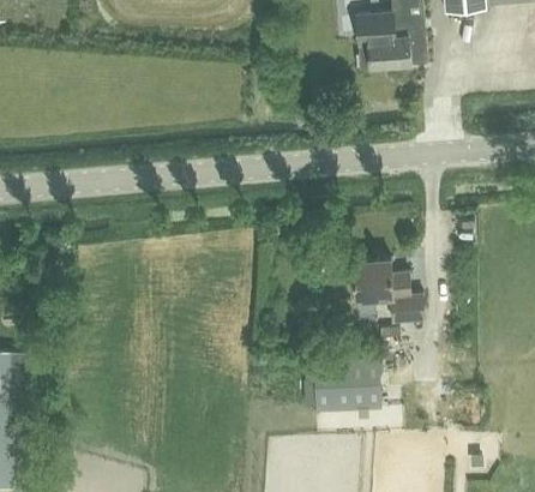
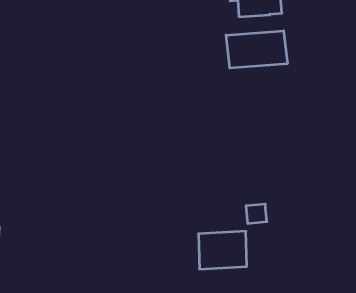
building: none -> [226,31,287,68]
building: [350,258,423,322] -> none

